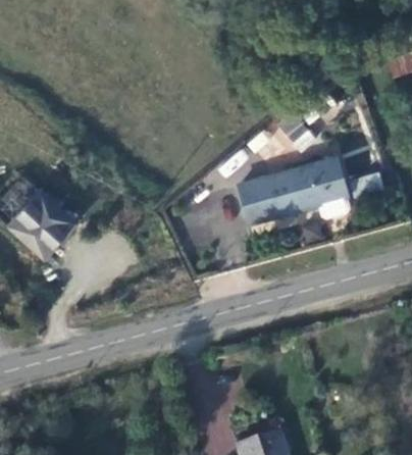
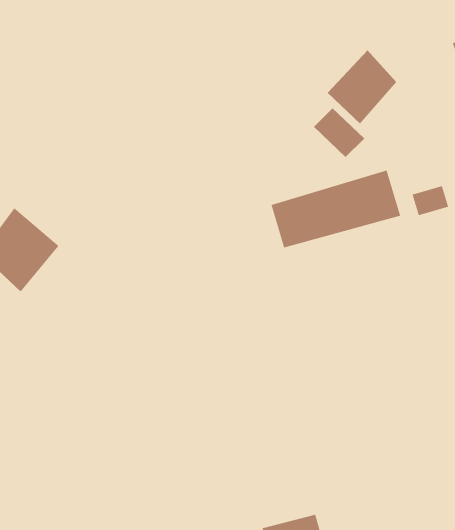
building: none -> [327,50,397,125]

